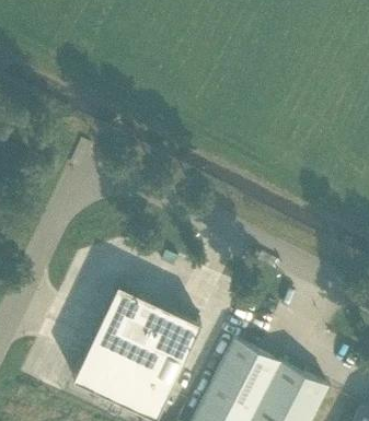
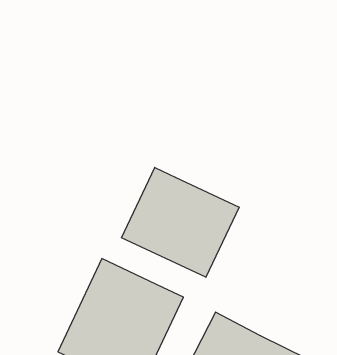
building: none -> [122,167,239,277]

